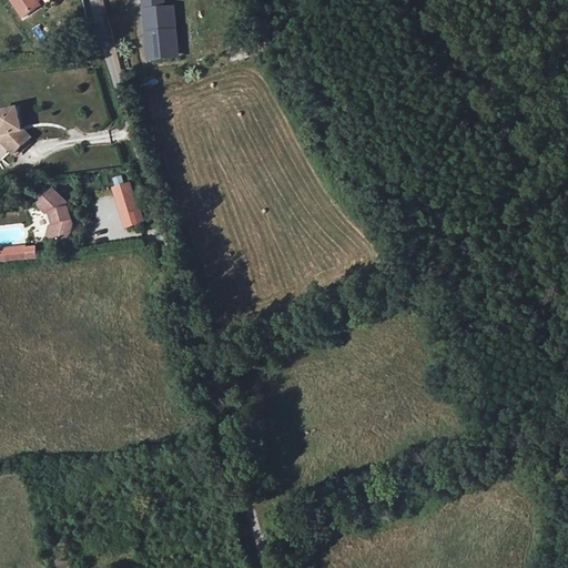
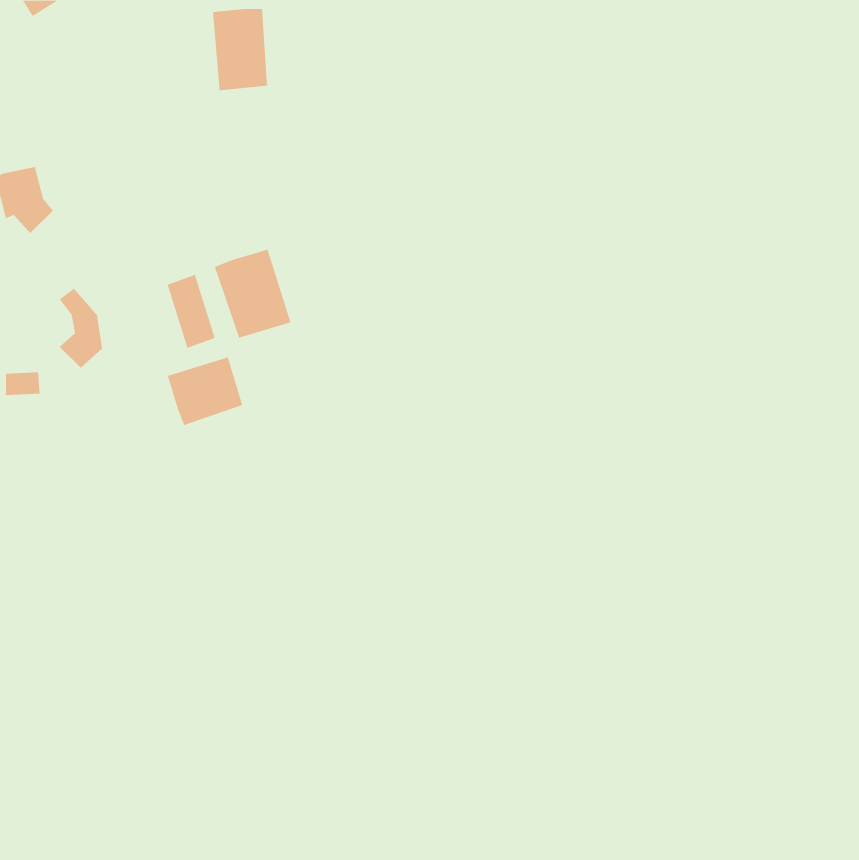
building: none -> [214,249,291,338]
building: none -> [167,356,243,426]

